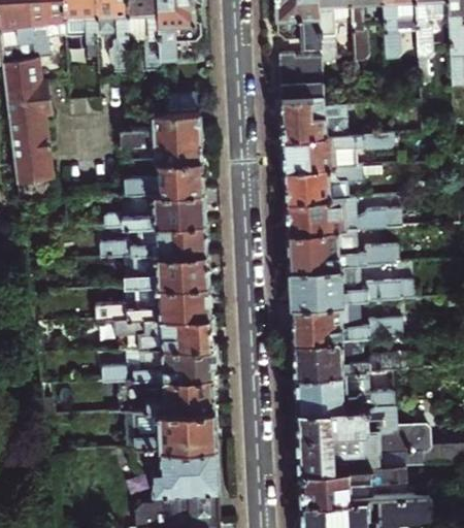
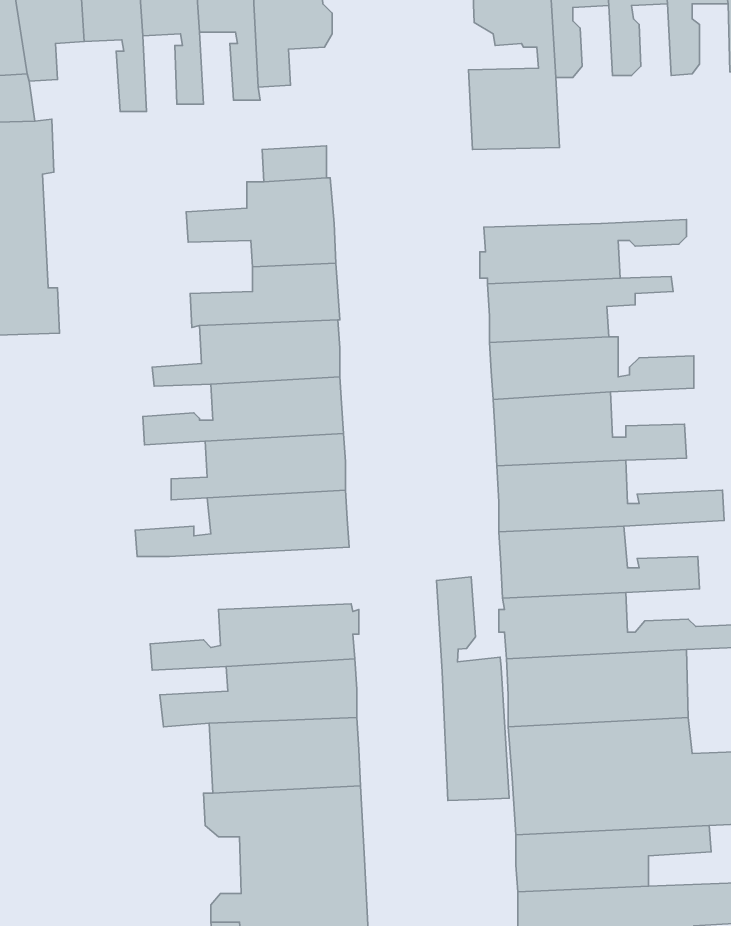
building: [277,94,347,137] -> none
building: [112,311,211,346] -> none
building: none -> [437,577,509,801]

